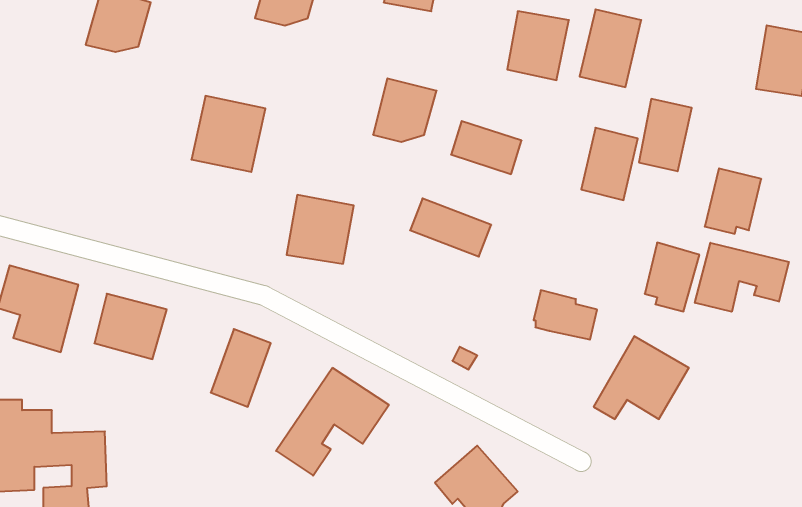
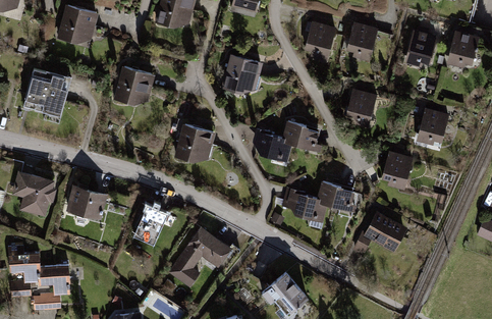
building: none -> [23,67,69,119]
building: [639,99,692,171] -> [405,25,436,67]
building: [451,121,522,174] -> [281,117,322,148]
building: [695,243,789,312] -> none
building: none -> [287,188,327,219]

